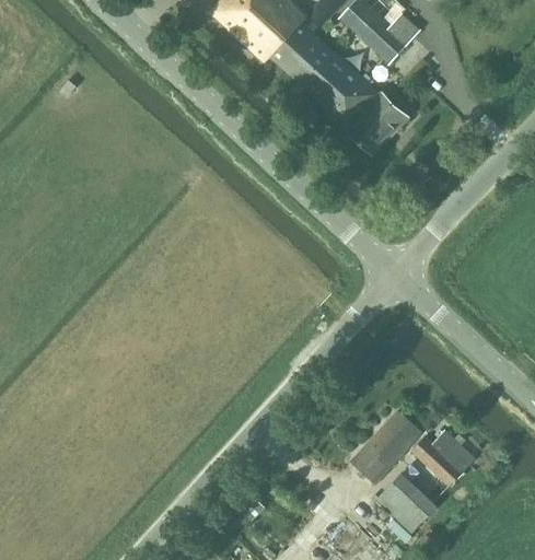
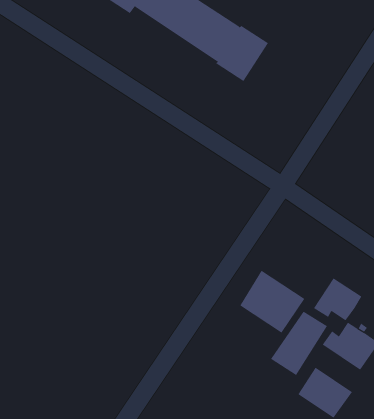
building: none -> [239,270,305,334]
building: none -> [313,278,362,321]

